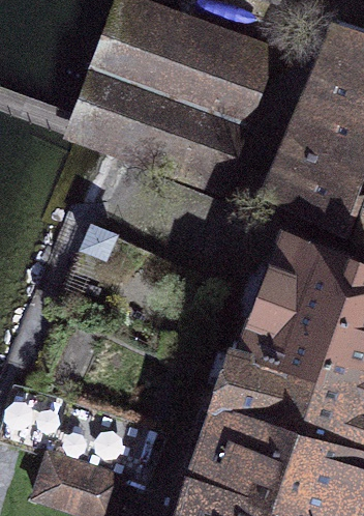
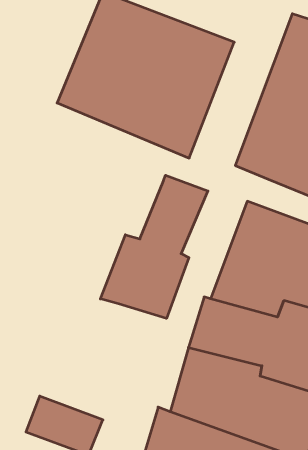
building: none -> [100,175,208,318]

